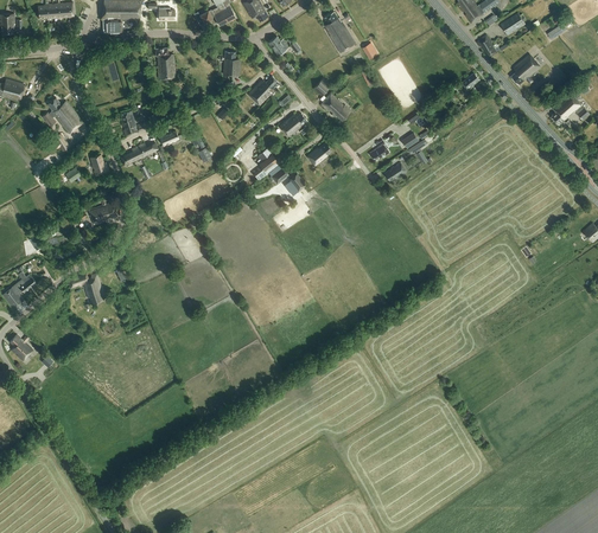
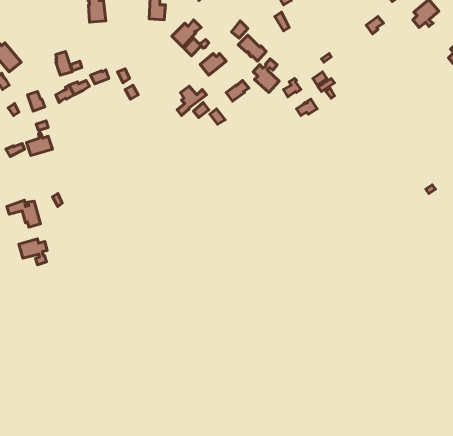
building: none -> [253,59,279,92]
building: none -> [19,239,47,265]

